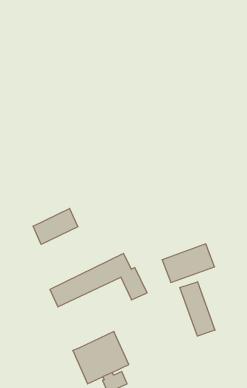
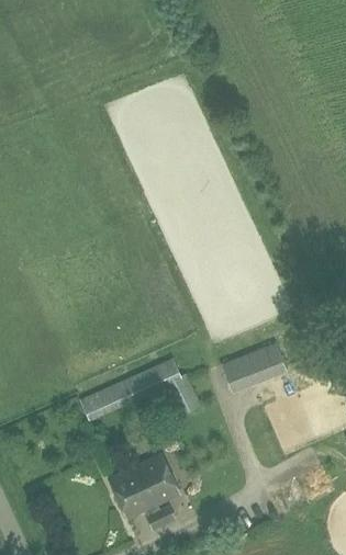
building: [33,208,78,244] -> none
building: [180,282,215,336] -> none

